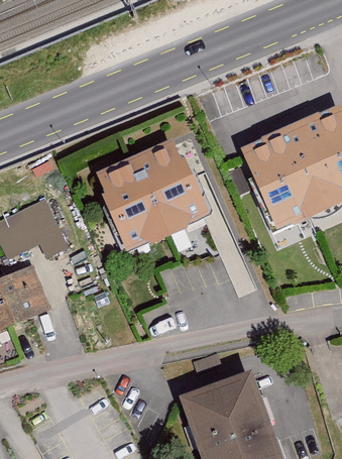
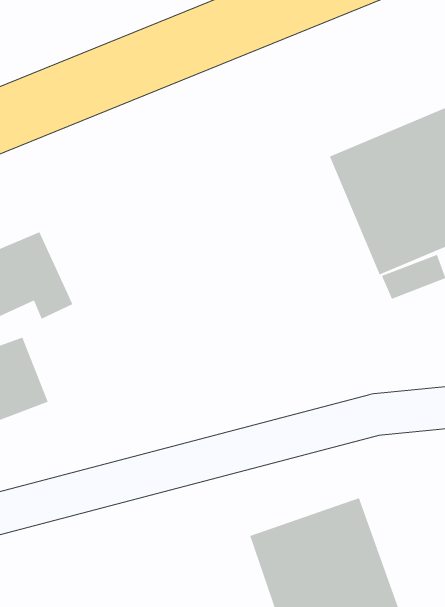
building: [94,138,213,252] -> none

